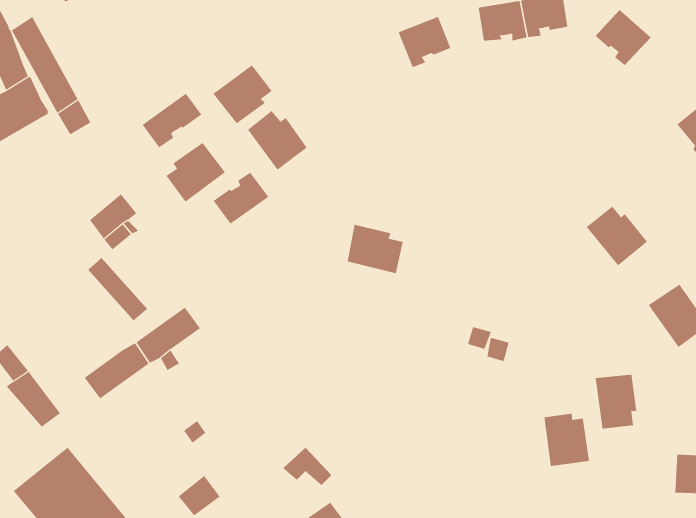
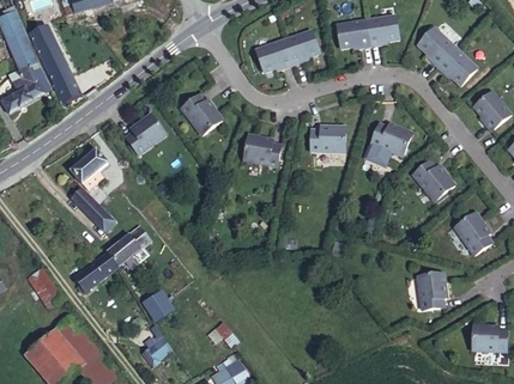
building: none -> [258,41,295,72]
building: none -> [439,44,477,81]
building: [212,64,273,124] -> none
building: [142,93,202,148] -> none
building: none -> [371,122,412,156]
building: none -> [313,126,347,152]
building: [213,172,269,225] -> none
building: [347,224,404,274] -> [246,133,284,166]
building: [544,413,590,467] -> none

